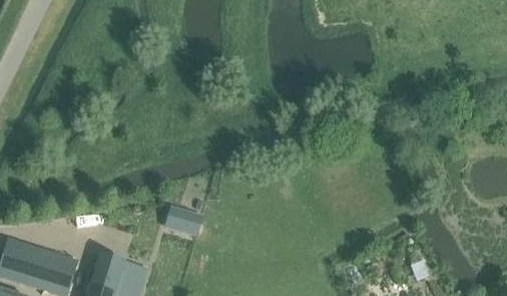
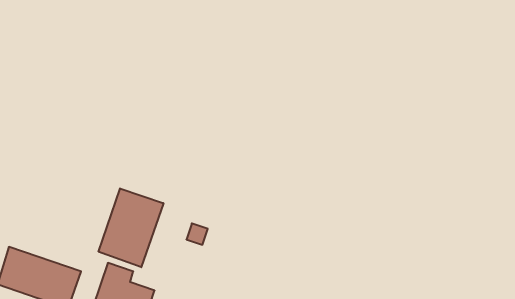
building: none -> [99,188,163,267]

